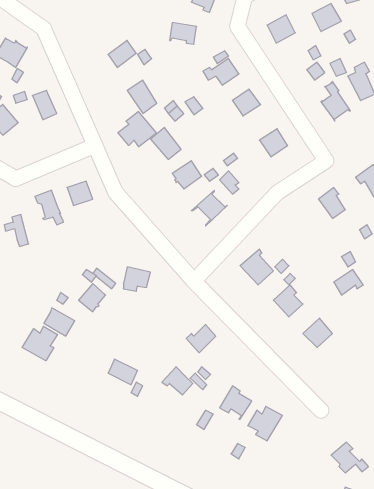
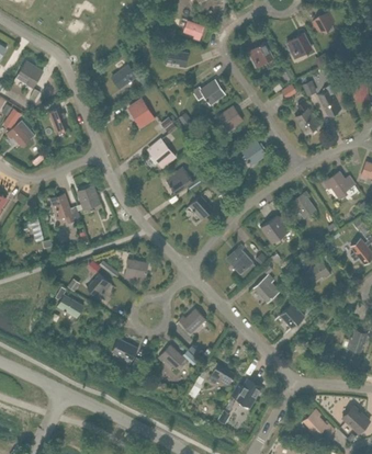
building: [118,111,156,147] -> none
building: none -> [260,215,296,243]
building: [22,326,57,361] -> none

